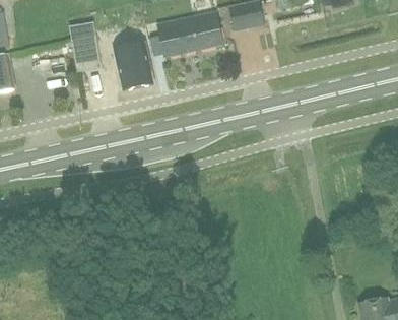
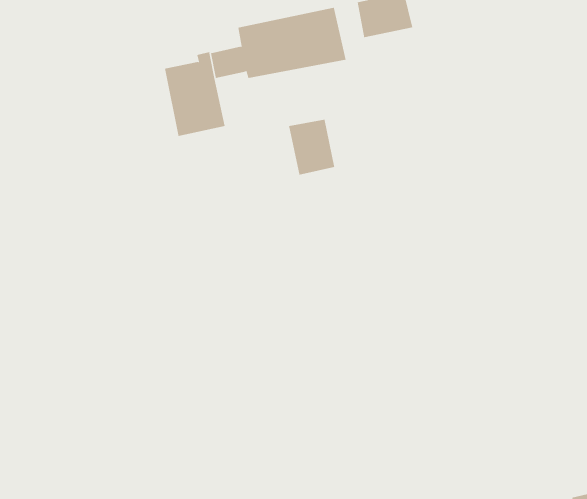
building: [70,36,100,72] -> none
building: none -> [289,119,335,176]

